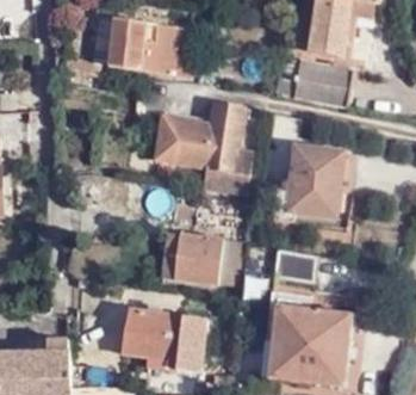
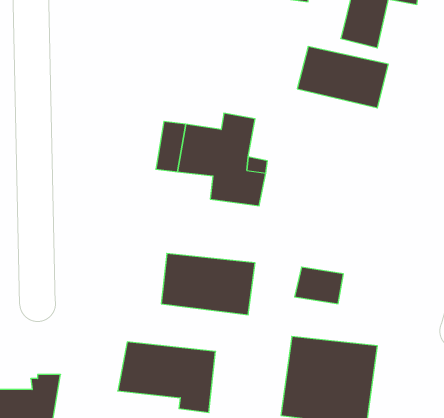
building: [117,20,186,75] -> none
building: [273,142,344,217] -> none

